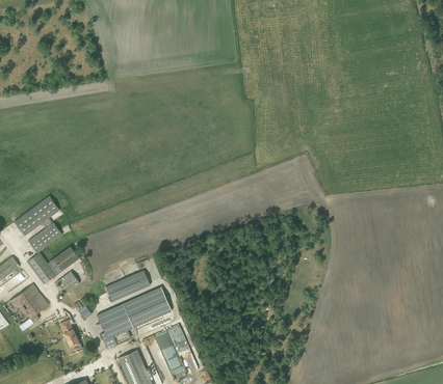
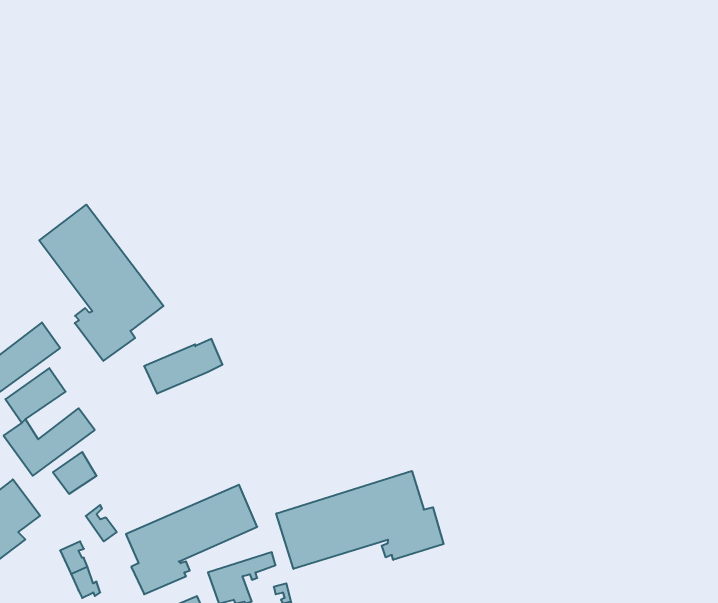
building: none -> [39,205,163,361]
building: [105,270,150,301] -> [144,339,223,394]
building: none -> [276,471,444,569]

